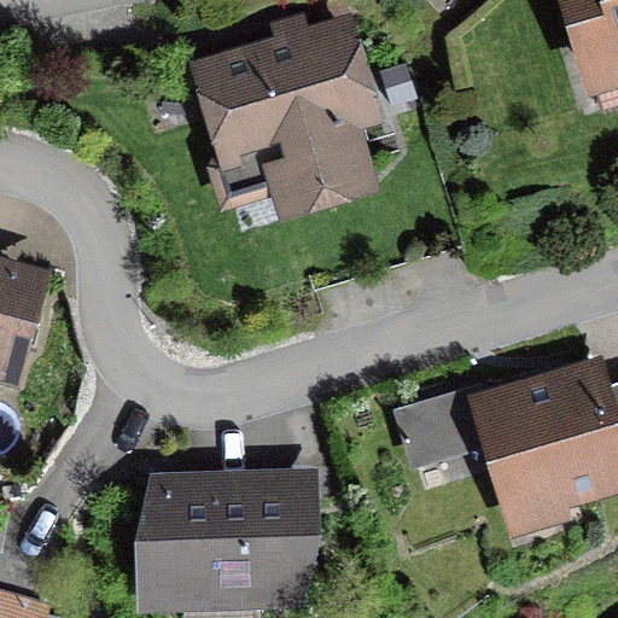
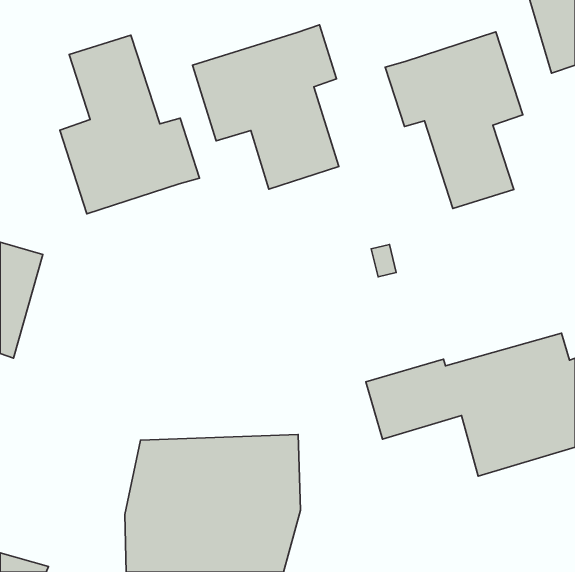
building: none -> [385,32,523,209]
building: none -> [60,35,199,214]

